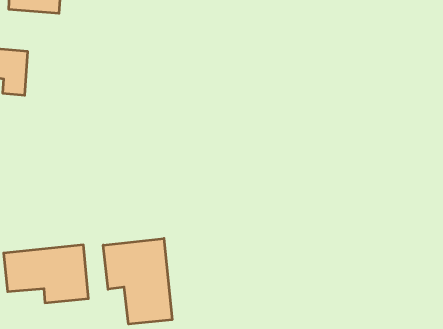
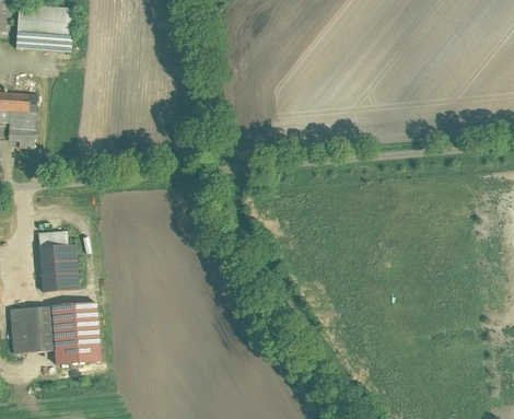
building: none -> [36,230,79,293]
building: [103,238,172,324] -> none

